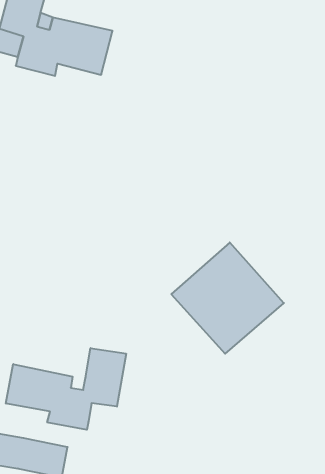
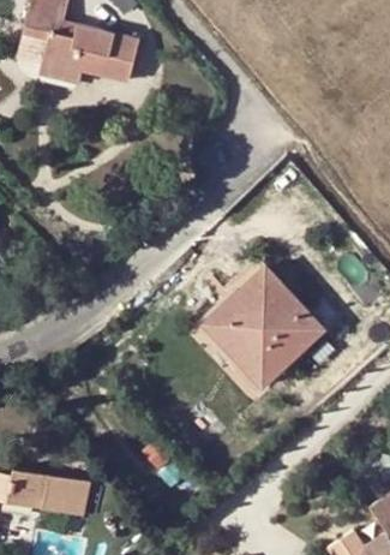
building: [6,348,126,430] -> none

